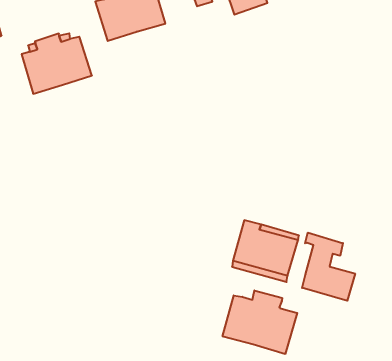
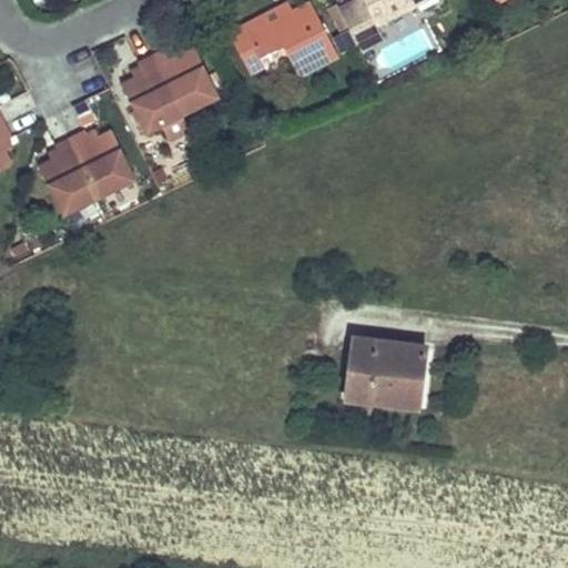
building: [302,233,355,301] -> none
building: [223,290,297,354] -> none

